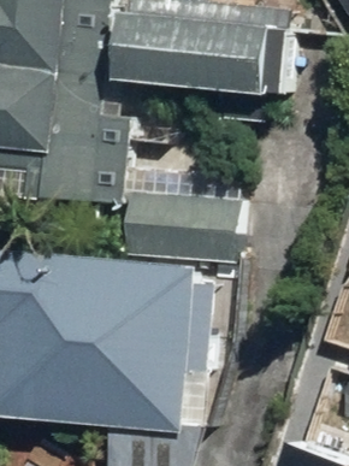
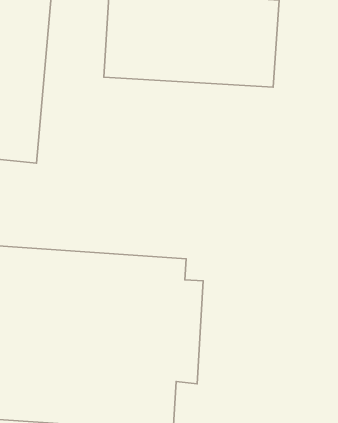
building: [125,171,235,264] -> none

